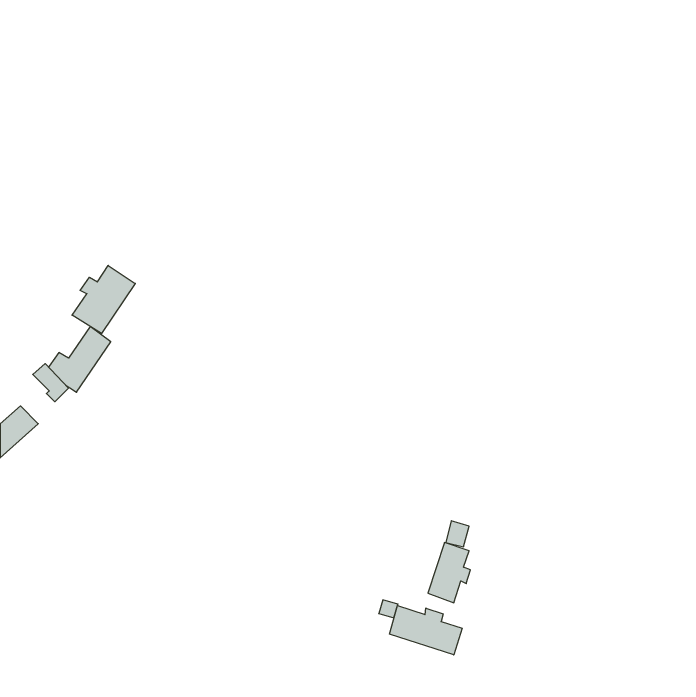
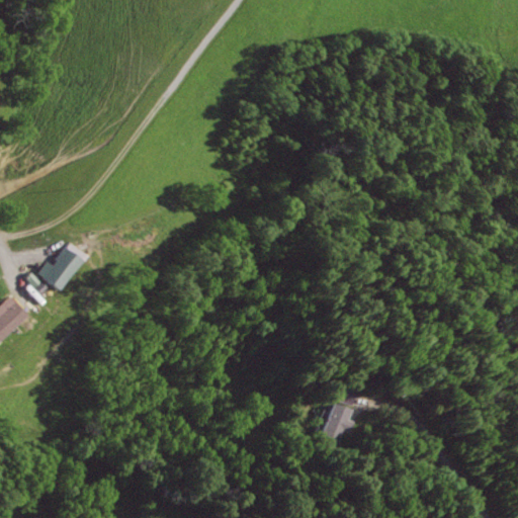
building: [72,265,135,334] -> none
building: [390,605,462,655] -> none

